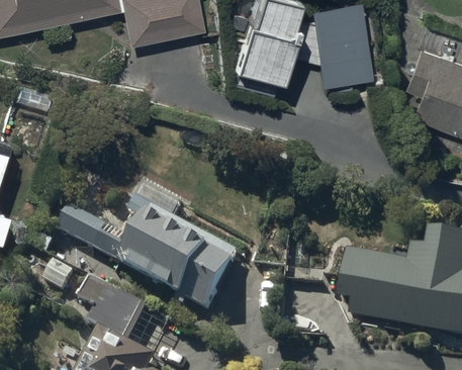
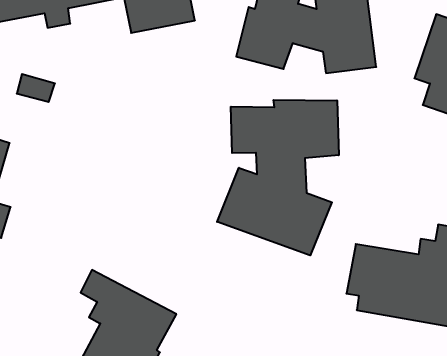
building: none -> [217,100,339,255]
building: [60,188,241,312] -> none

